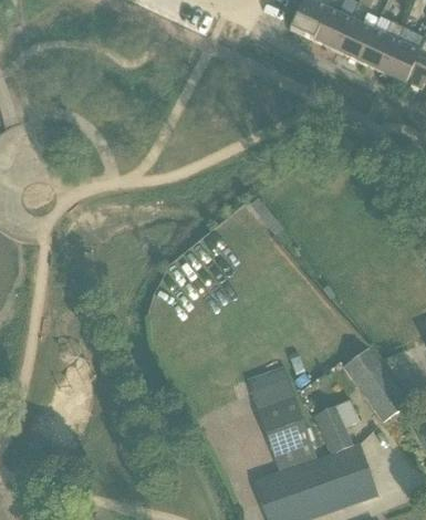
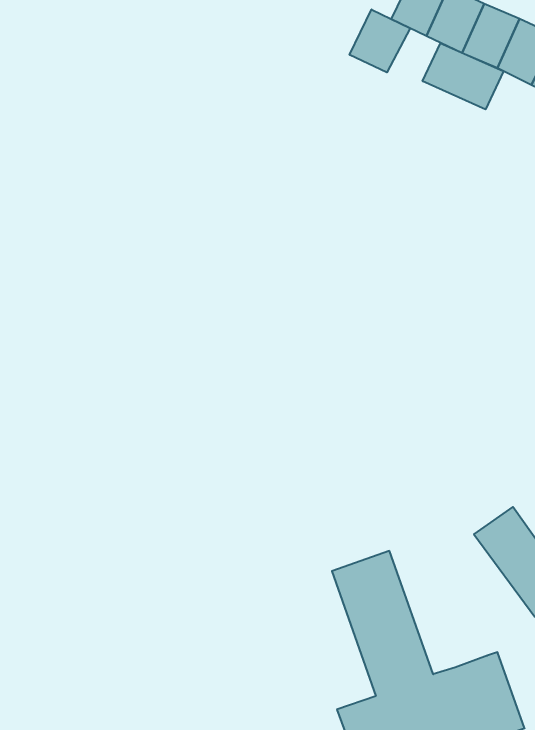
building: none -> [350,9,410,72]
building: none -> [423,43,503,109]
building: [313,398,359,454] -> none

